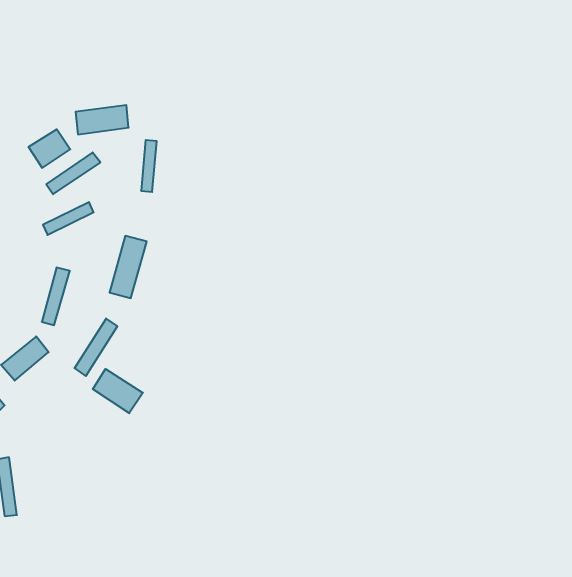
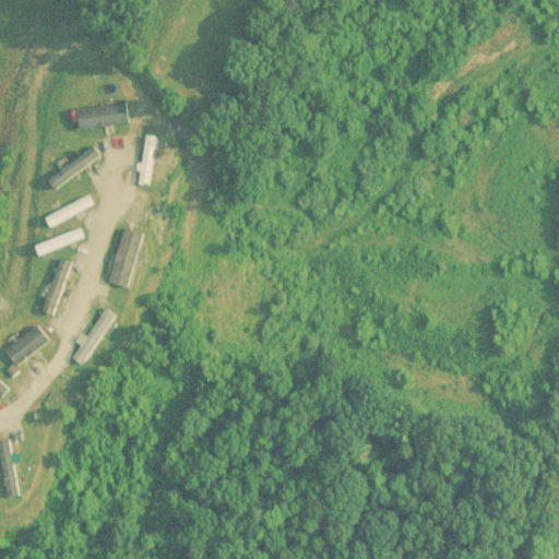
building: [29,129,70,168] -> none
building: [93,369,143,413] -> none

